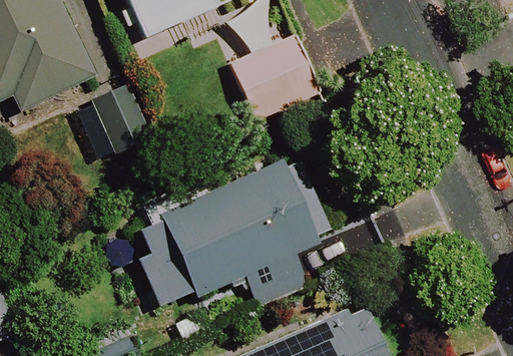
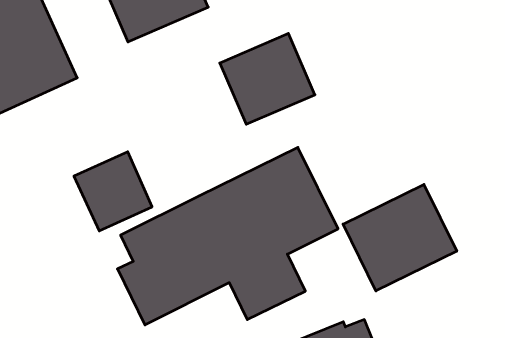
building: [75,85,149,160] -> [74,152,152,231]
building: none -> [343,184,457,291]

